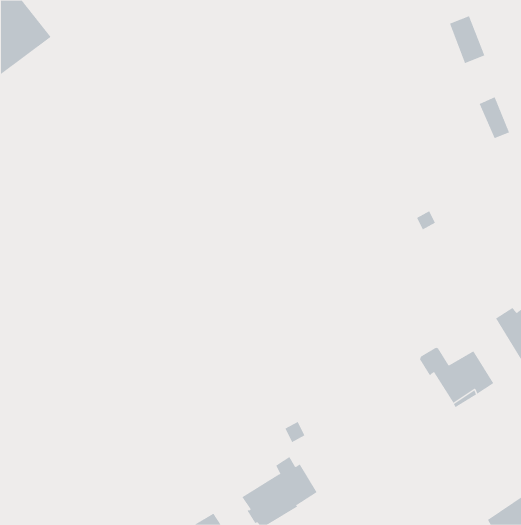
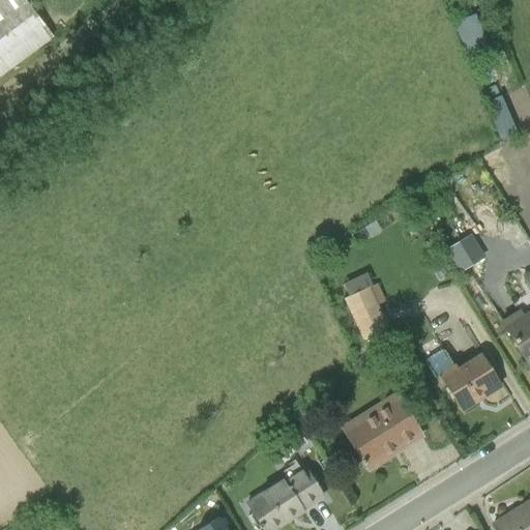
building: none -> [446,234,487,273]
building: none -> [344,272,389,338]
building: none -> [344,393,420,469]

